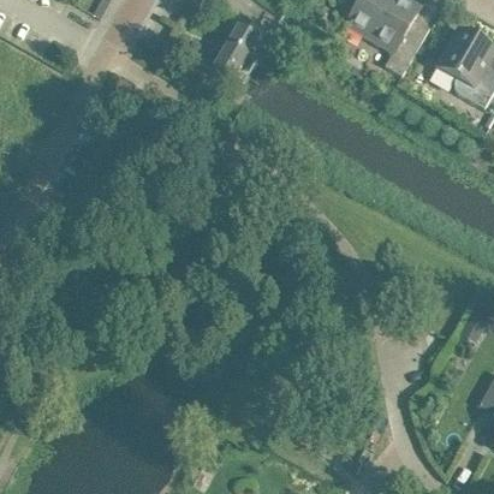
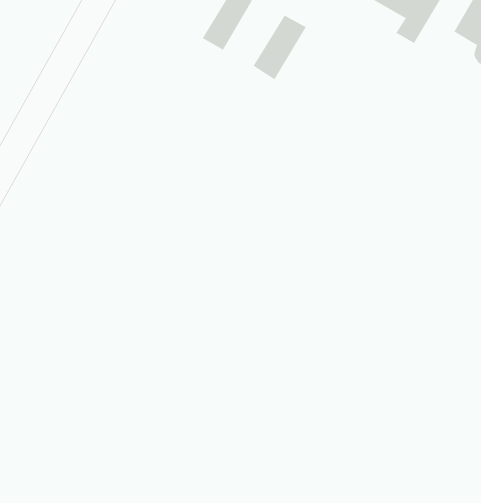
building: none -> [253,15,307,80]

